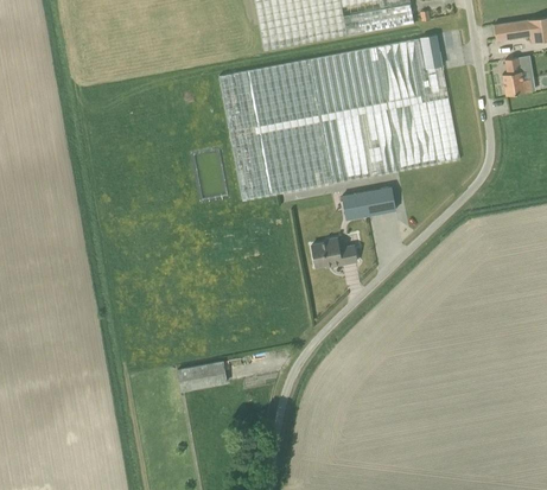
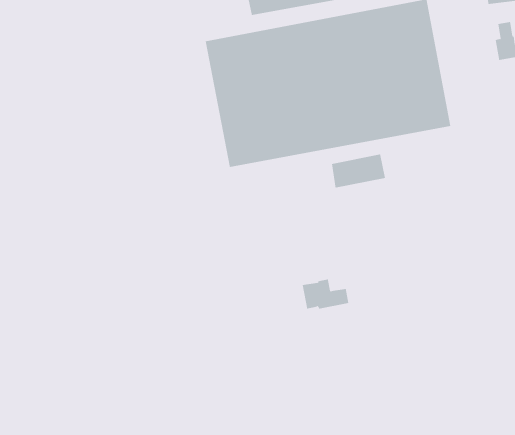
building: [311,236,357,266] -> [302,279,349,309]
building: [177,361,227,390] -> none

